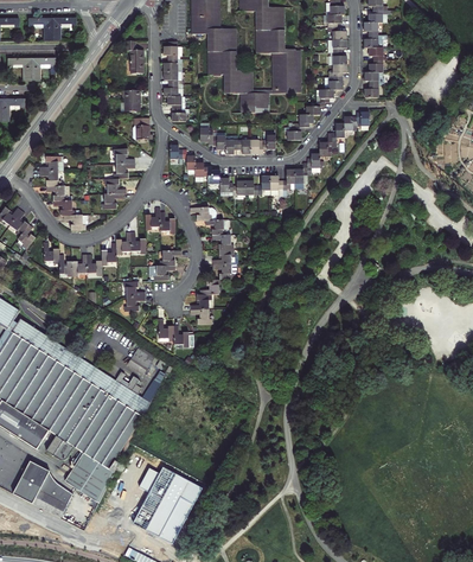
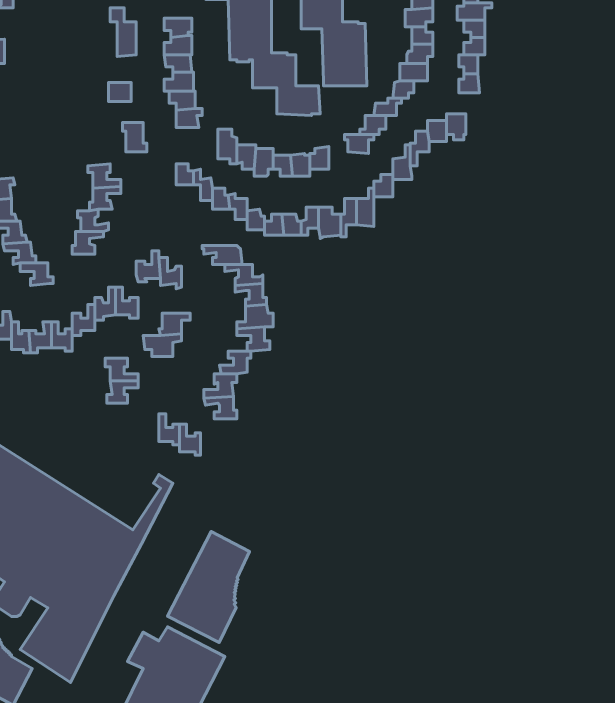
building: none -> [167,531,250,642]

